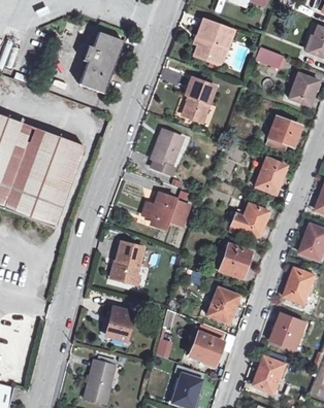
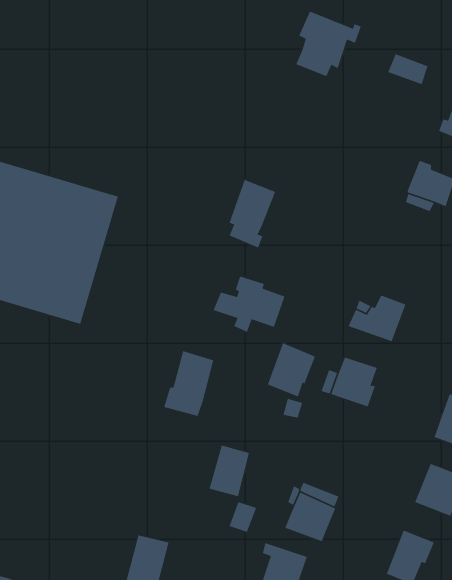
building: [78,32,123,93] -> none
building: [182,78,215,122] -> none
building: [254,158,286,194] -> none
building: [206,286,238,322] -> [267,342,316,398]
building: [105,307,132,341] -> [208,445,250,497]

